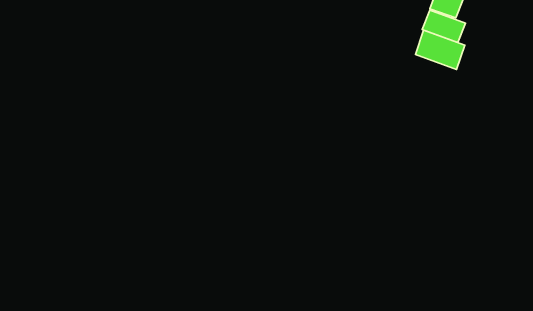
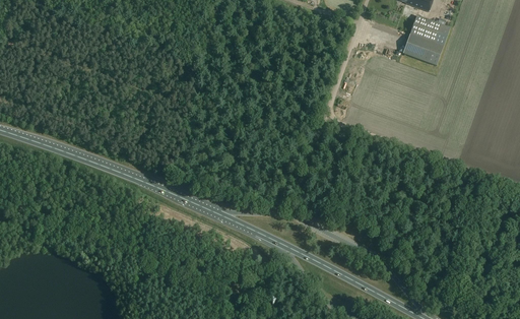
building: [415,30,465,69] -> none

